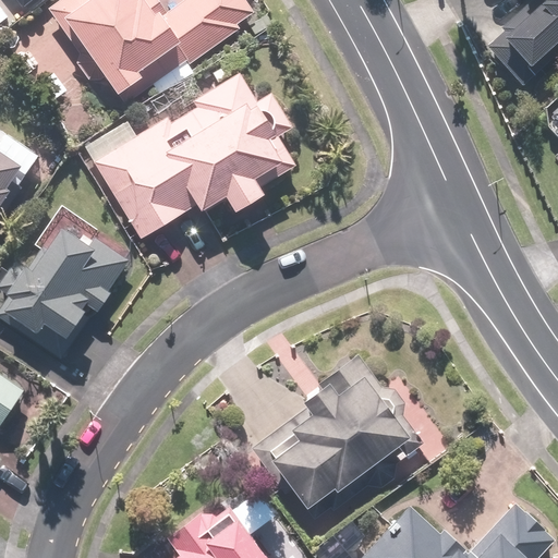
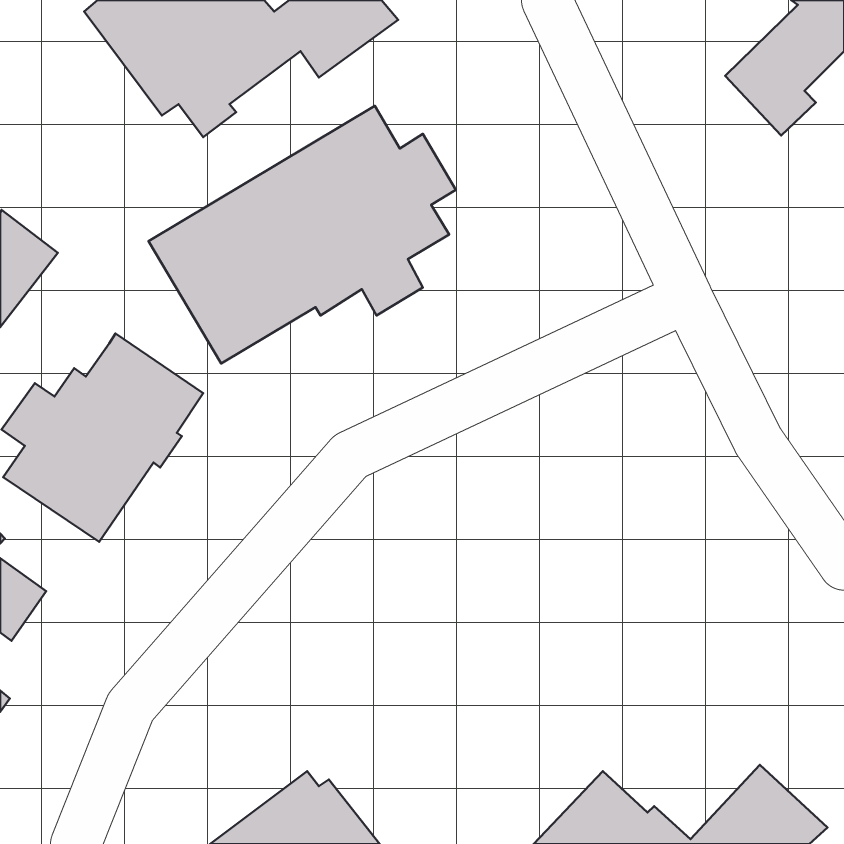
building: [251,356,426,527] -> none

